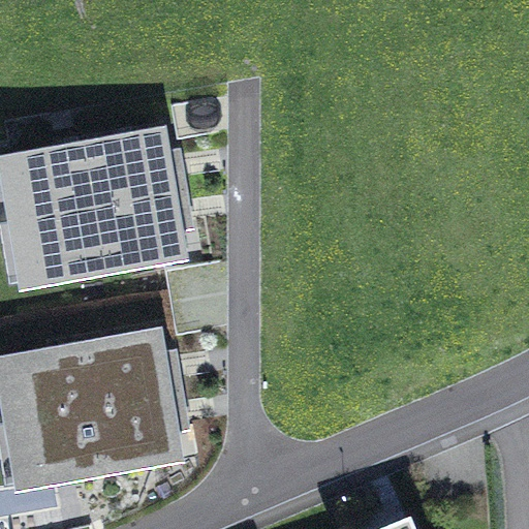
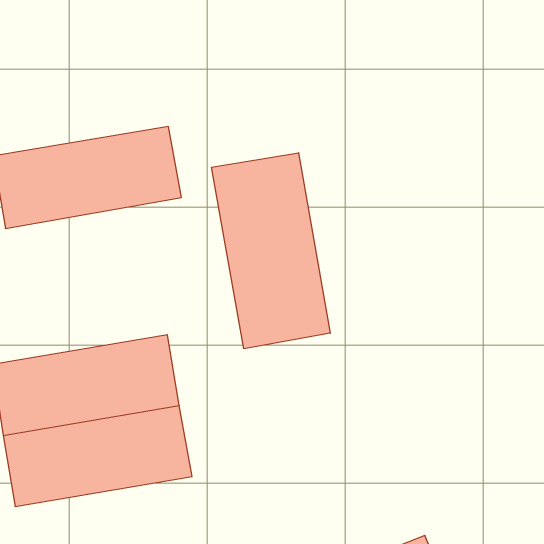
building: none -> [212,153,330,349]
building: [5,194,186,292] -> none

